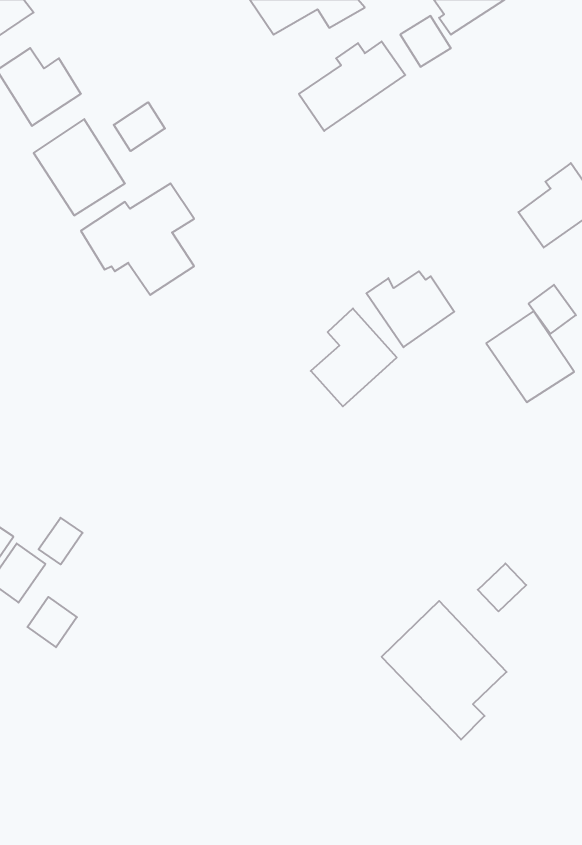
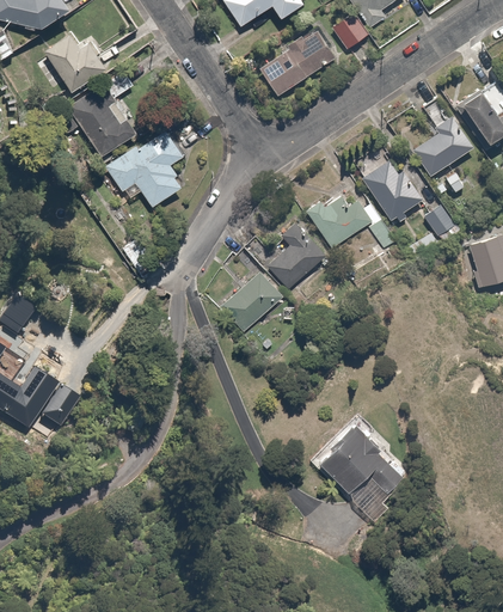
building: [114,102,165,151] -> none
building: [486,311,574,402] -> [362,157,424,221]
building: none -> [216,271,283,336]
building: [39,518,83,564] -> none
building: [478,563,526,611] -> none
building: [27,597,77,647] -> none

